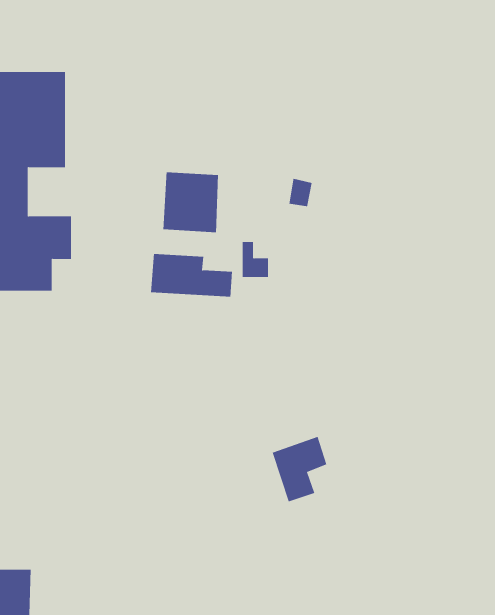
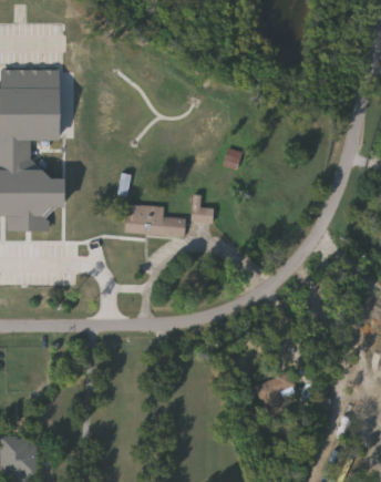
building: [163,171,219,233] -> none
building: [272,436,327,502] -> [255,371,296,420]

